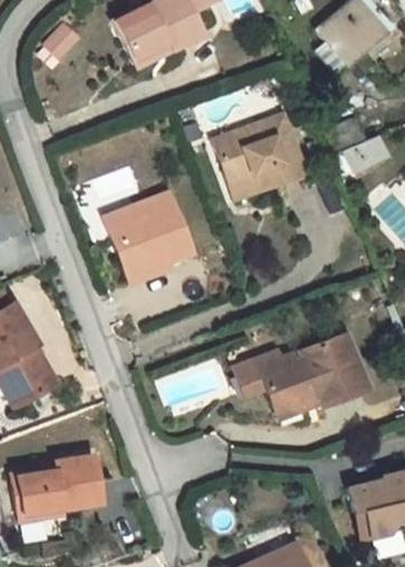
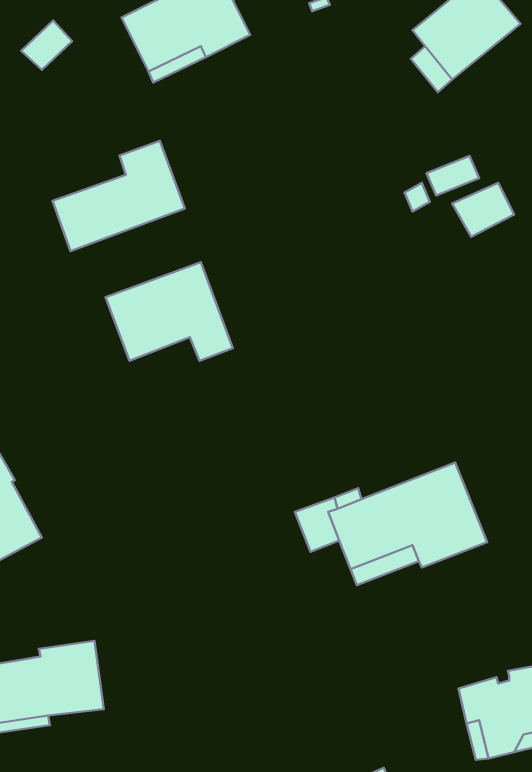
building: none -> [52,141,185,251]
building: [214,113,305,197] -> none
building: [120,244,170,282] -> none

